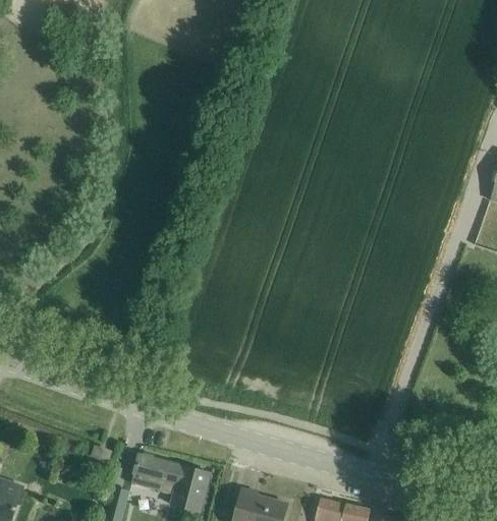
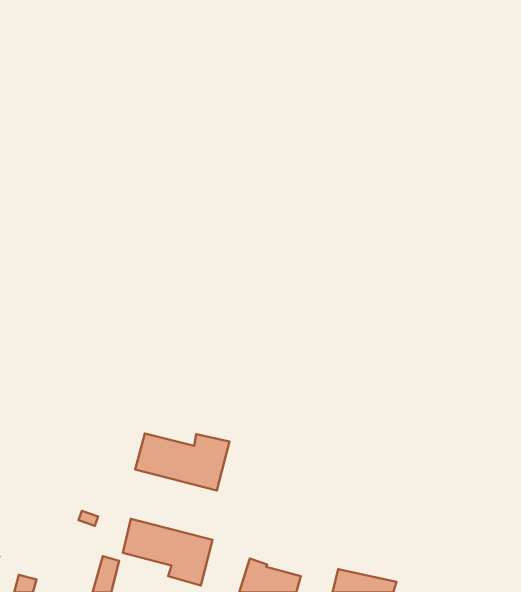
building: none -> [135,433,229,491]

